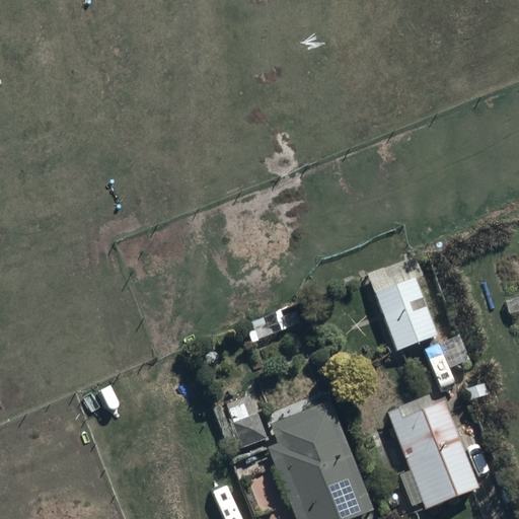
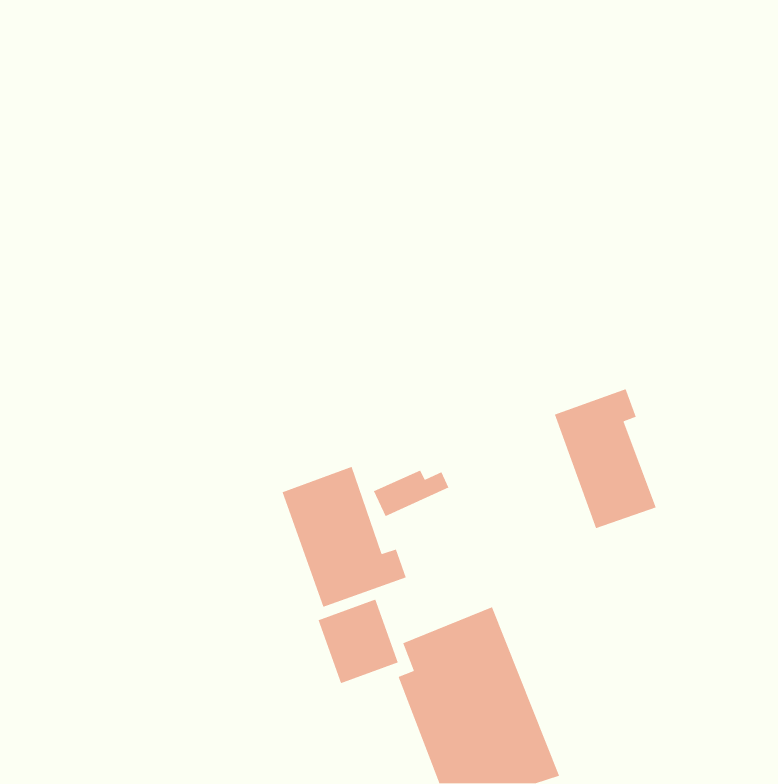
building: none -> [281,466,407,608]
building: [387,402,475,510] -> none

